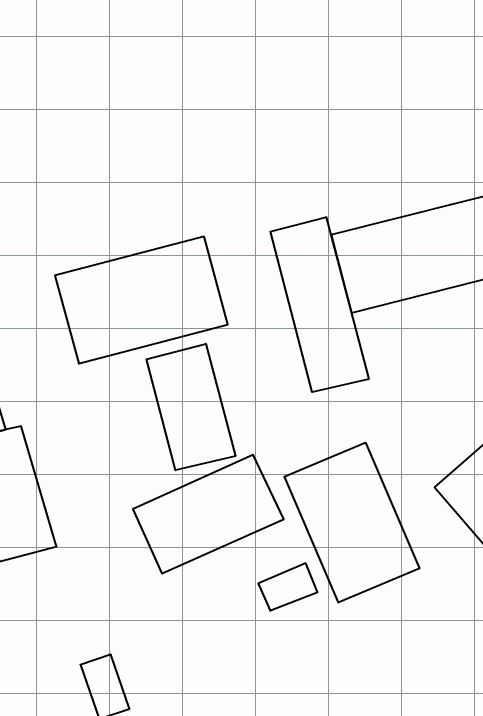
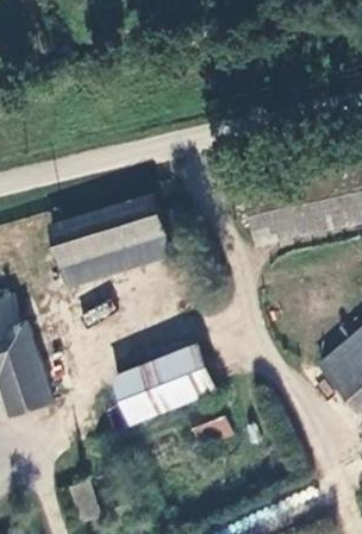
building: [270,217,369,392] -> none
building: [147,344,235,470] -> none
building: [284,443,419,603] -> none

